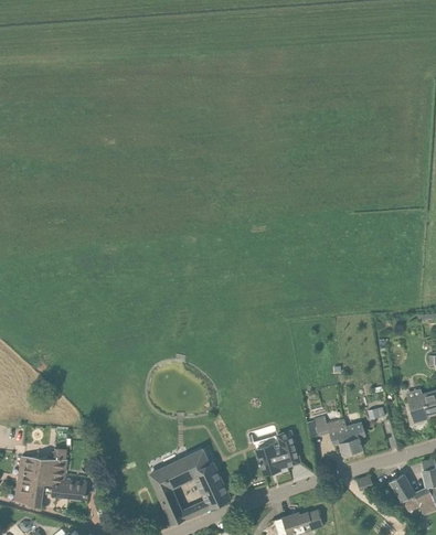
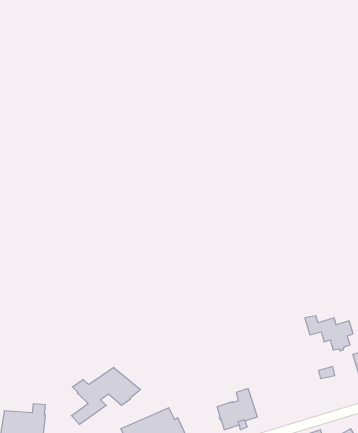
building: none -> [71,367,141,424]
building: [312,416,365,454] -> [305,316,353,351]

